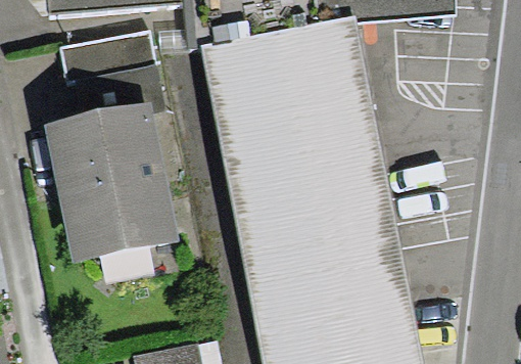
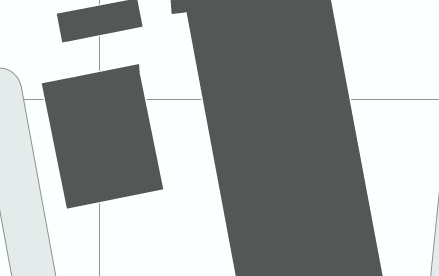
building: [75,62,167,117] -> none

